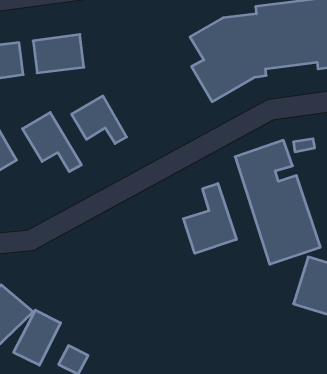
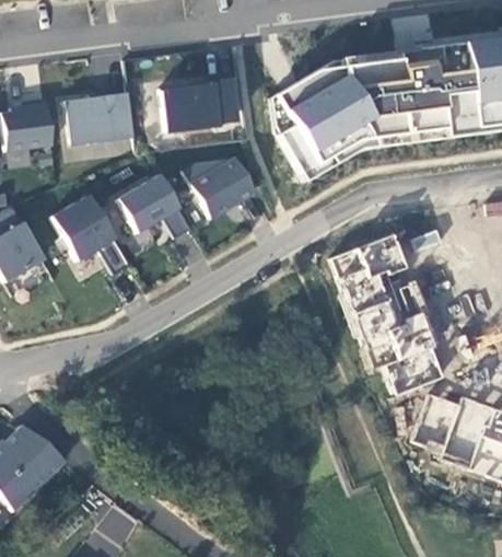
building: none -> [161,79,237,131]
building: none -> [184,156,256,216]
building: [183,183,236,253] -> none
building: [14,310,61,365] -> none

